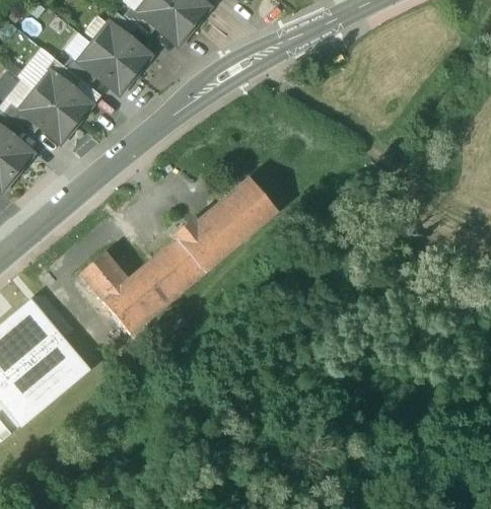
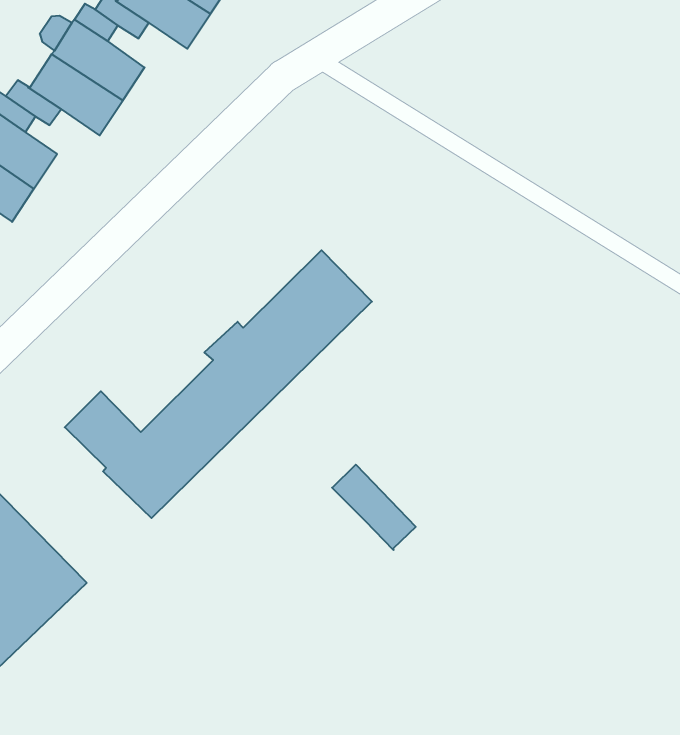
building: none -> [332,465,416,550]

